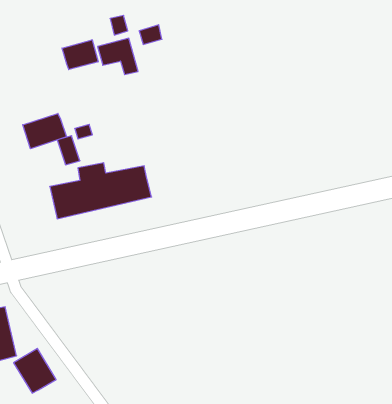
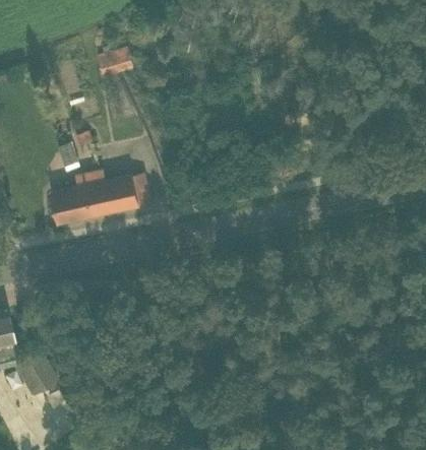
building: [62,40,98,70] -> none
building: [23,113,67,149] -> none

